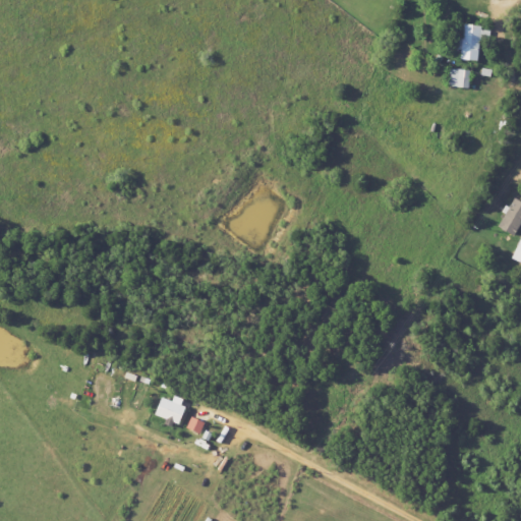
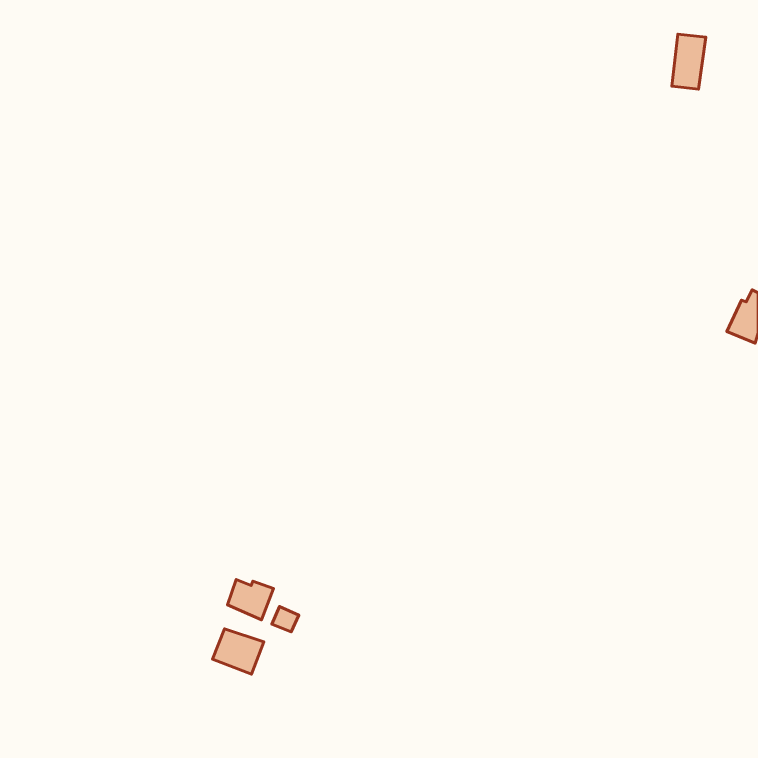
building: [450,68,471,86] -> none
building: none -> [213,629,264,674]

